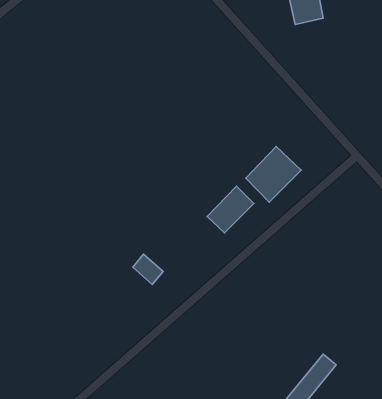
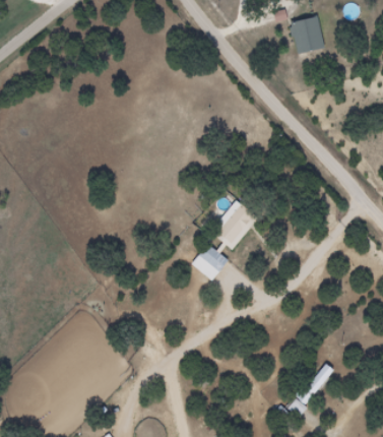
building: [246,147,301,202] -> none
building: [133,254,163,285] -> [198,244,227,272]

